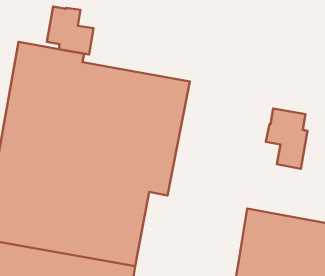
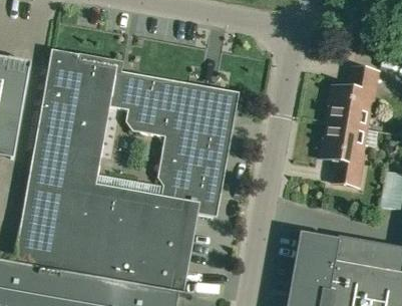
building: [47,7,93,55] -> none
building: none -> [328,66,378,126]

